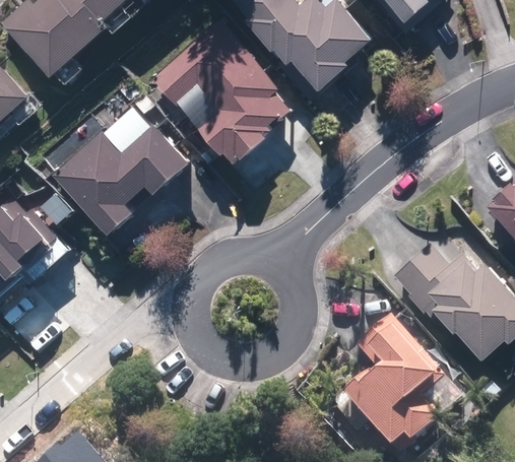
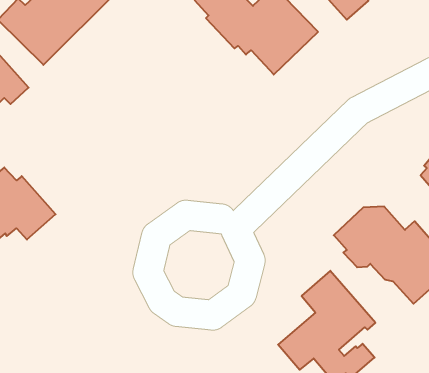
building: [150,20,292,153] -> none
building: [49,107,189,236] -> none

